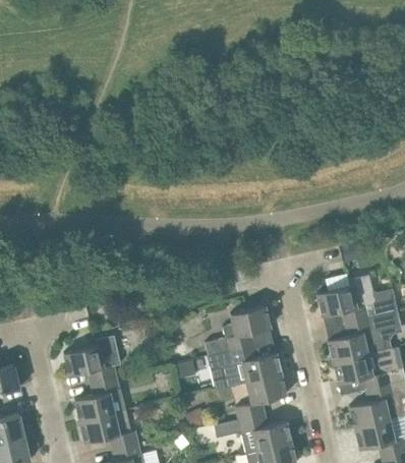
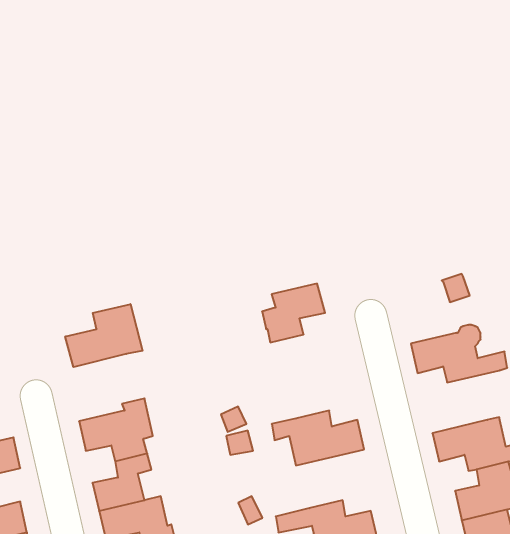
building: none -> [65,304,143,367]
building: [223,307,271,352] -> [262,284,325,342]
building: [328,315,387,363] -> none
building: [236,375,286,420] -> none

